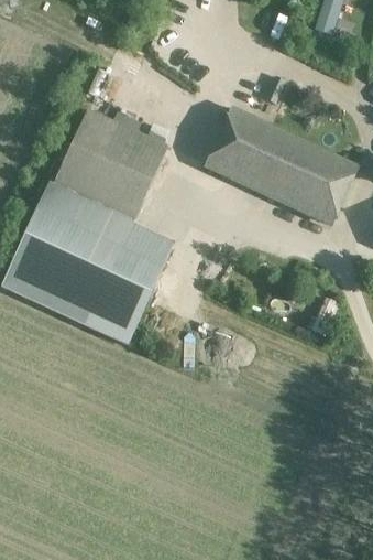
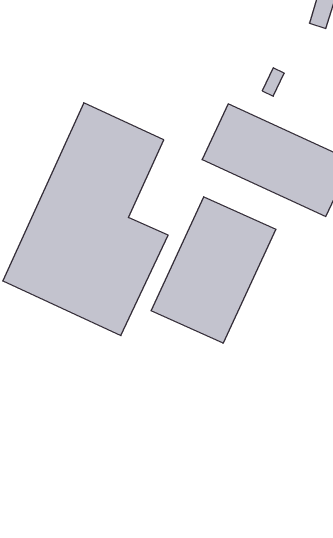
building: none -> [151,197,276,343]

